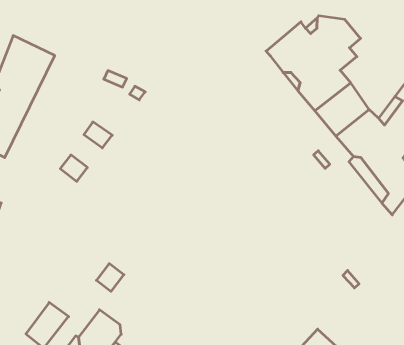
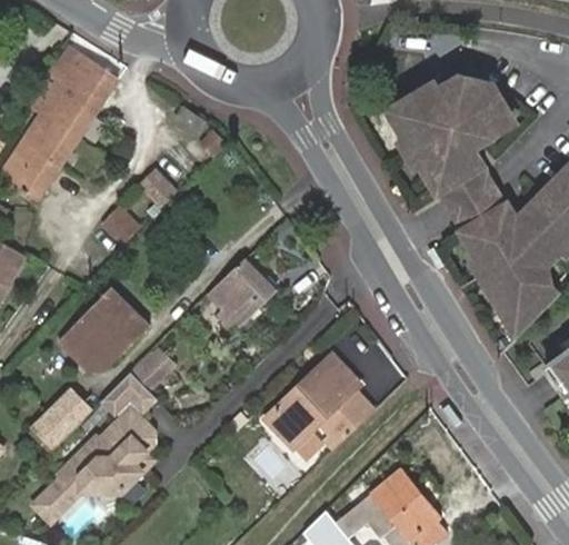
building: none -> [210,258,274,329]
building: none -> [58,288,151,371]
building: none -> [266,353,376,447]
building: none -> [103,371,156,410]

